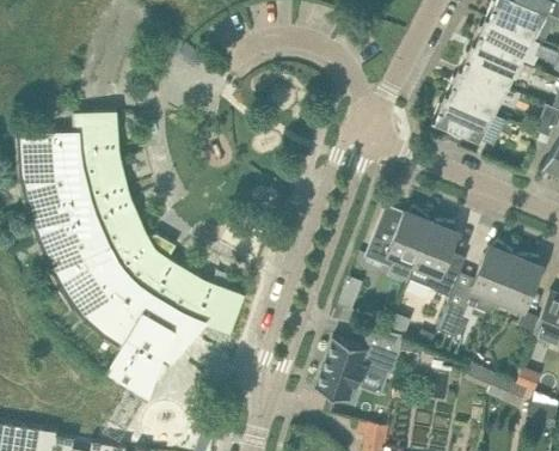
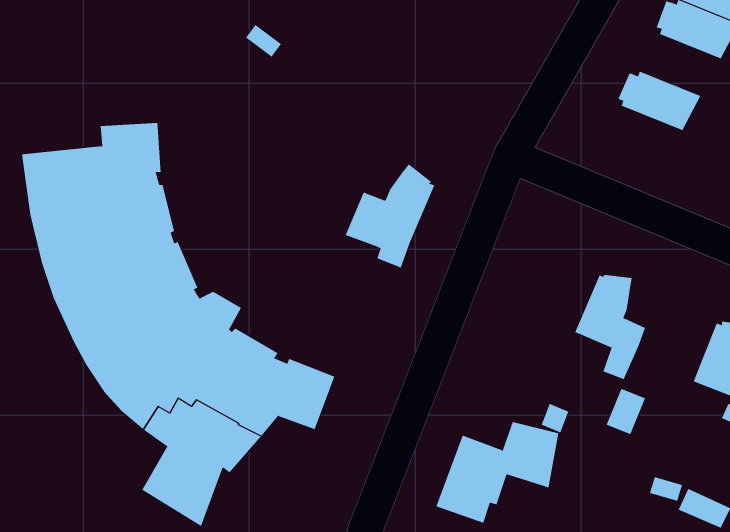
building: [460,51,520,96] -> none
building: [432,103,492,142] -> none
building: [368,208,432,284] -> [345,163,435,269]
building: [465,243,516,310] -> none

